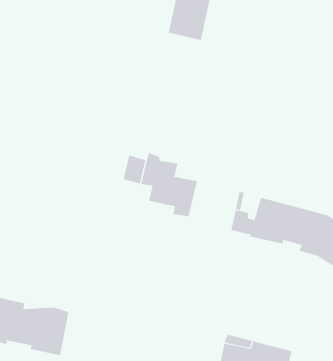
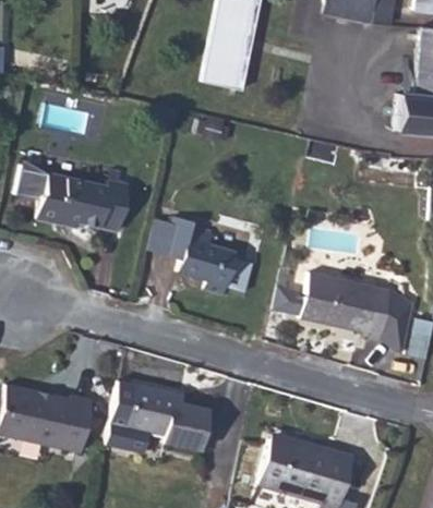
building: none -> [15,160,130,232]
building: none -> [104,379,206,450]

